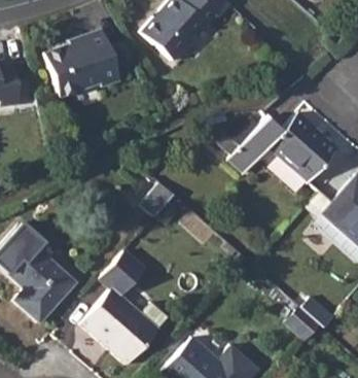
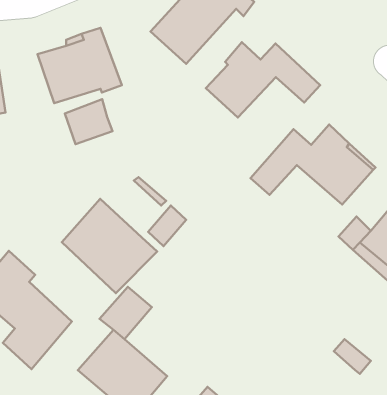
building: none -> [206,42,320,117]
building: none -> [65,99,112,144]
building: none -> [62,199,157,293]

